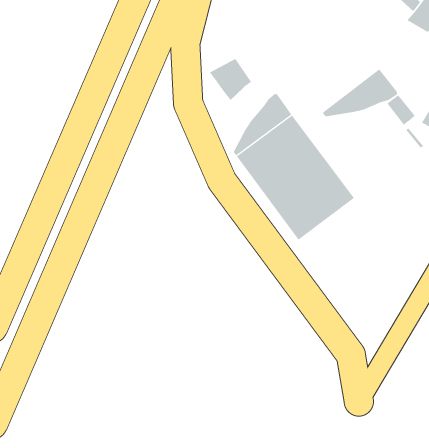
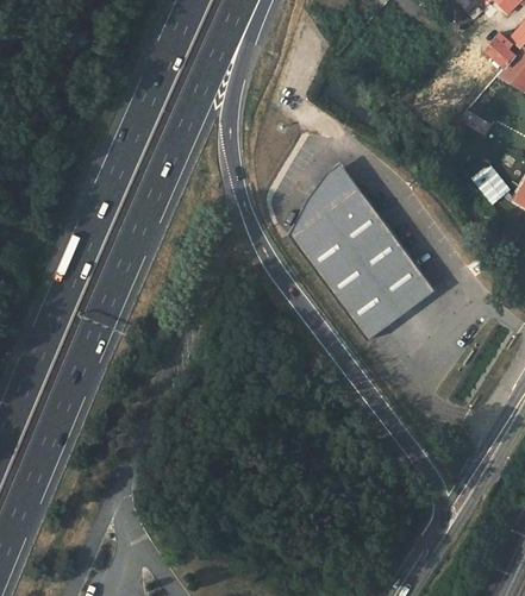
building: [209,58,252,101] -> none
building: [322,68,398,117] -> none

